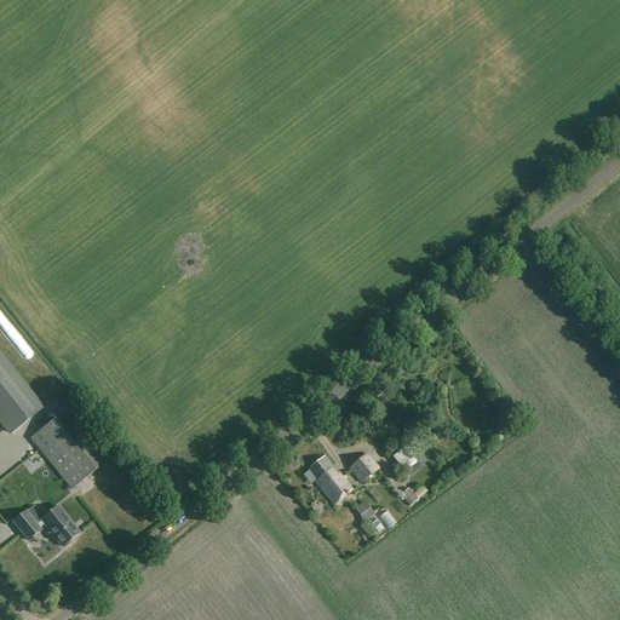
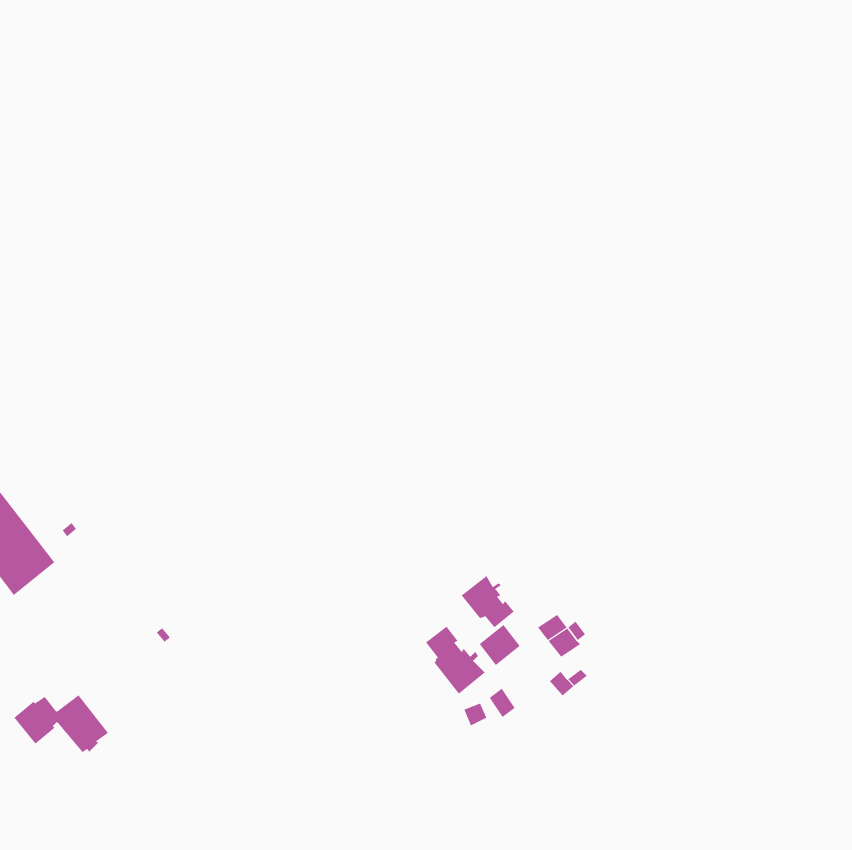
building: [29,414,99,488] -> none
building: none -> [461,575,514,628]

